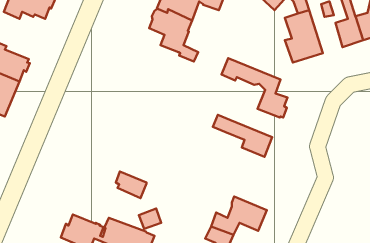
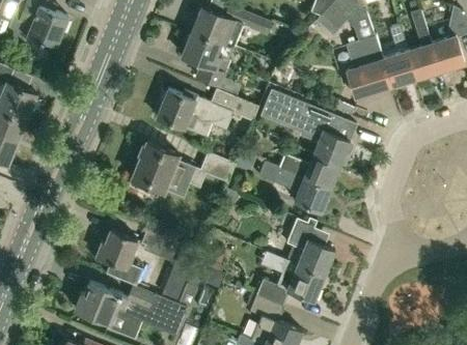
building: none -> [375,35,415,87]
building: none -> [157,89,258,137]
building: none -> [132,142,235,194]
building: none -> [279,154,339,189]
building: none -> [284,218,334,277]
building: none -> [94,229,143,286]

